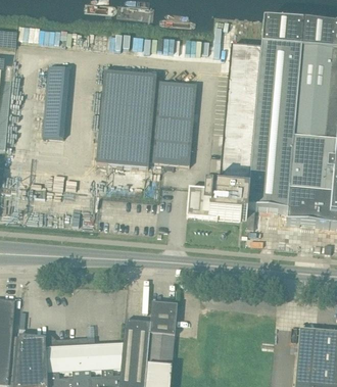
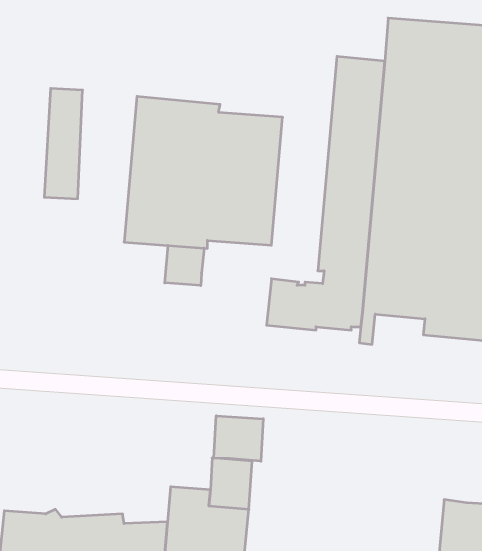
building: none -> [165,245,204,286]
building: none -> [214,416,263,461]

